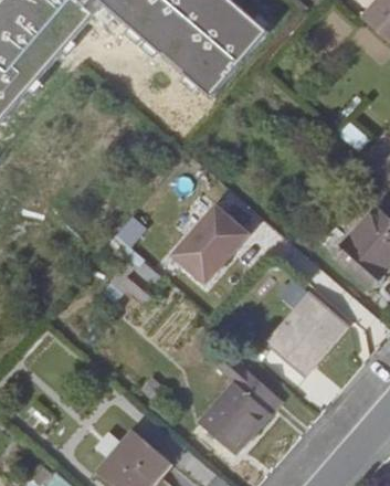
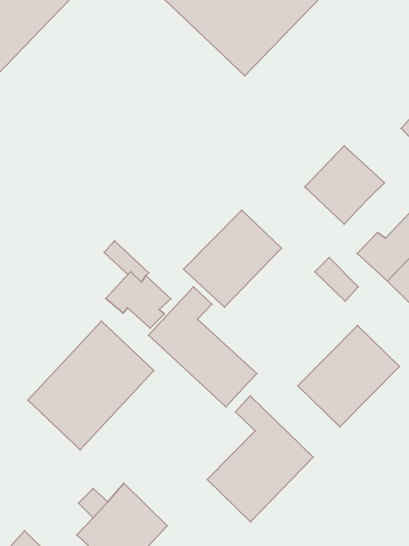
building: none -> [305,146,385,224]
building: none -> [148,287,257,407]
building: none -> [28,321,154,450]

